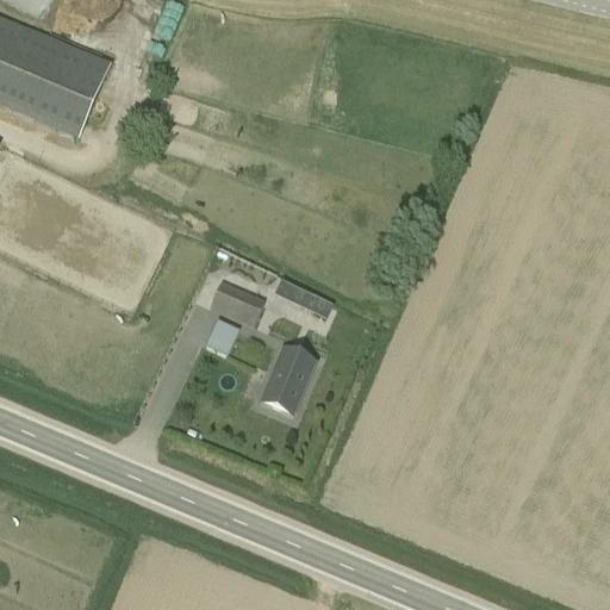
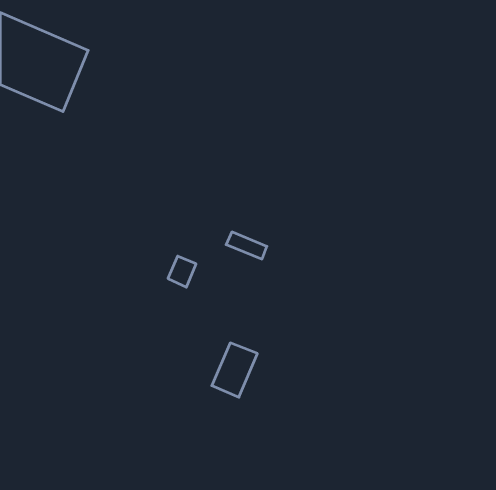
building: [208,281,263,324] -> none
building: [259,347,315,413] -> [212,343,257,397]

